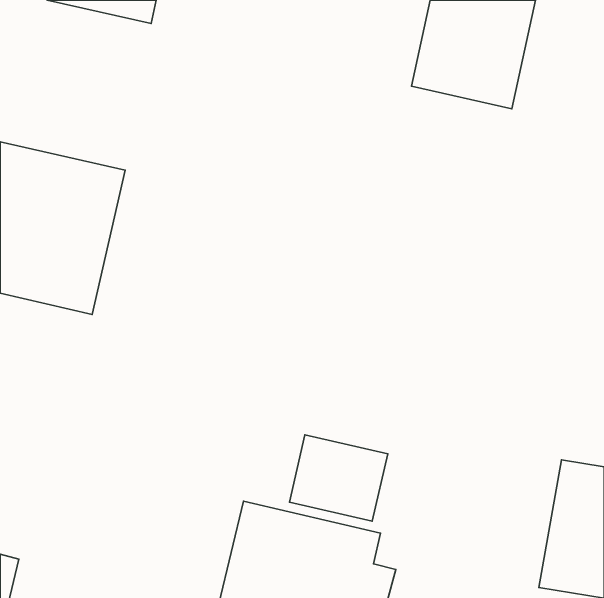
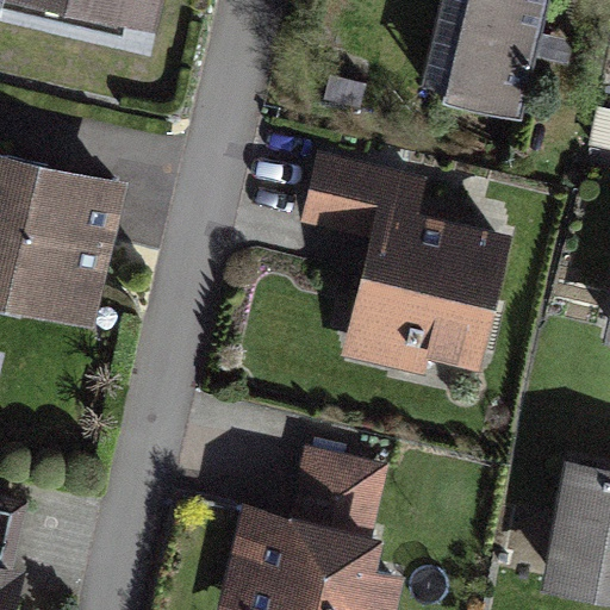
building: none -> [306,155,510,376]

